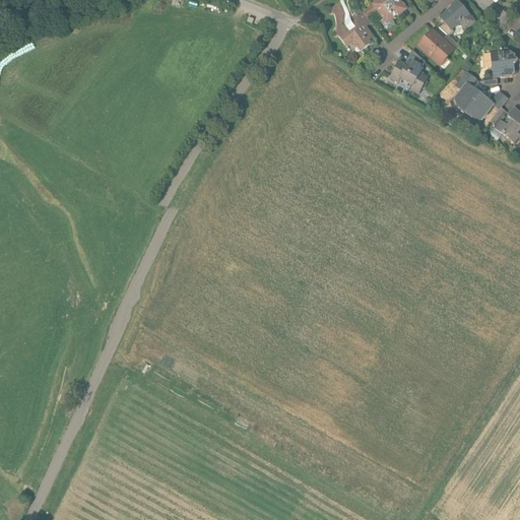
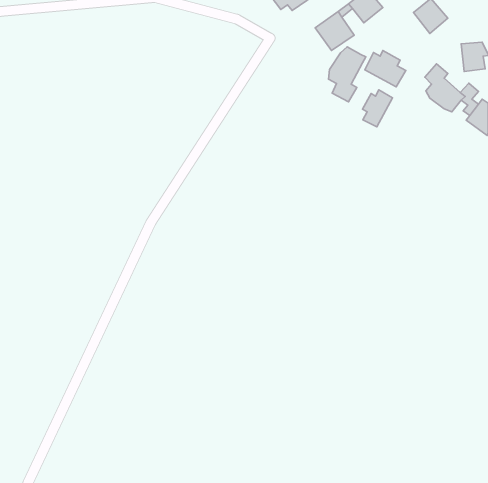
building: [416,25,457,65] -> none
building: none -> [328,47,366,102]
building: none -> [363,90,392,127]

